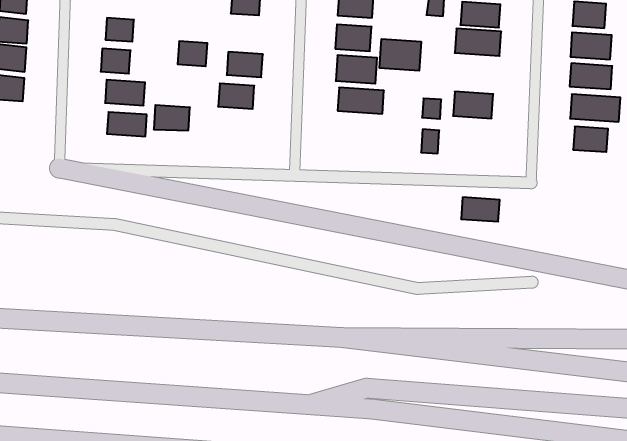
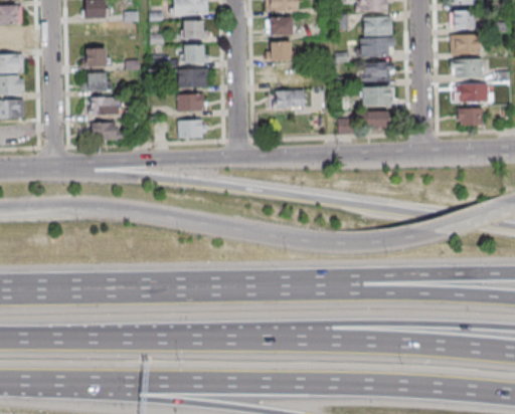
building: [380,39,421,71] -> none
building: [178,41,207,66] -> [183,44,205,62]
building: none -> [362,63,392,81]
building: [154,105,190,130] -> [177,120,204,139]
building: [461,197,500,222] -> [358,112,387,129]

